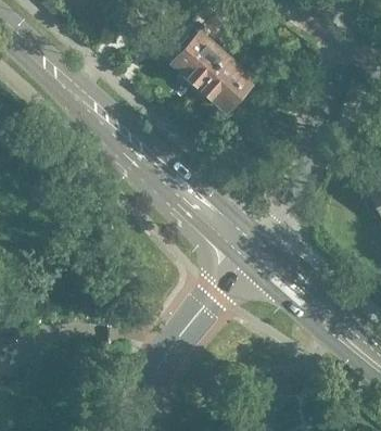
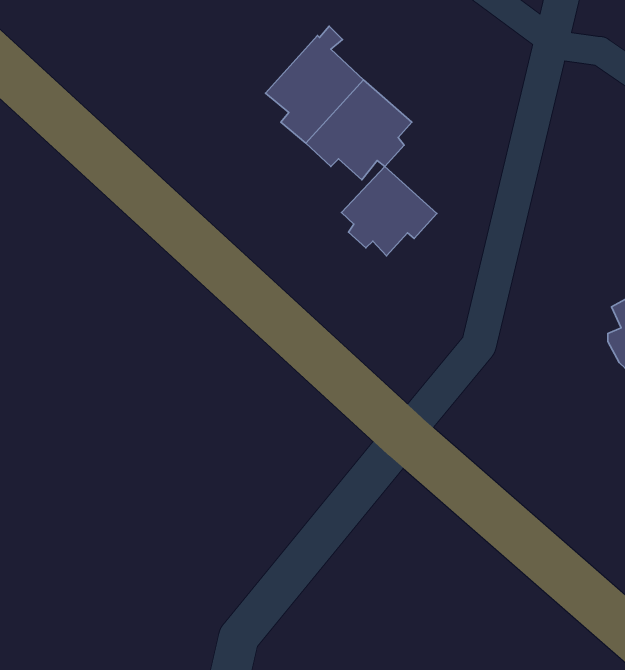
building: none -> [342,166,437,256]

